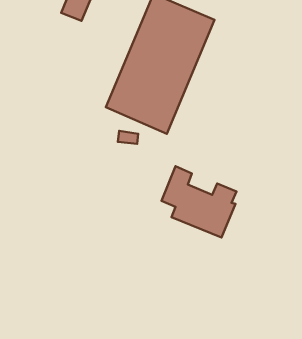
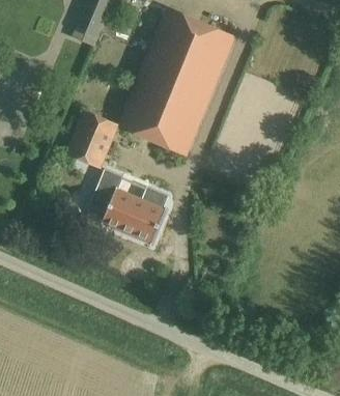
building: none -> [67,110,117,166]
building: [161,166,237,237] -> [91,170,168,243]

